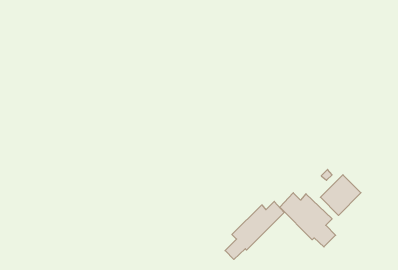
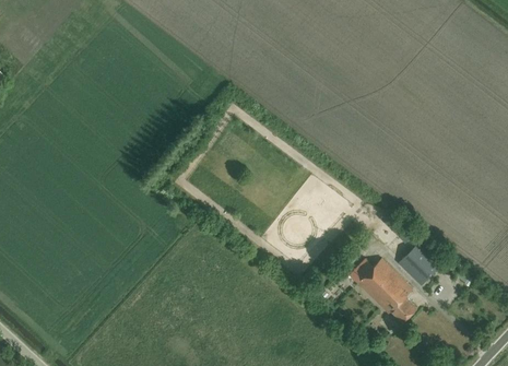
building: [225,201,284,259] -> none

